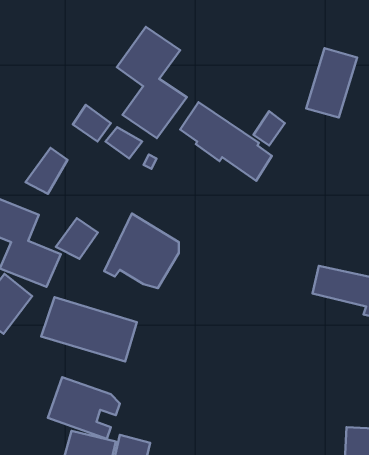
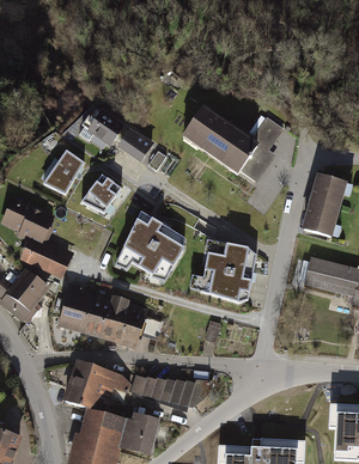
building: [117,27,187,138] -> none
building: [306,48,357,118] -> [302,176,348,239]
building: [56,218,98,259] -> [83,175,121,212]
building: none -> [188,237,257,303]
building: none -> [130,376,196,409]

